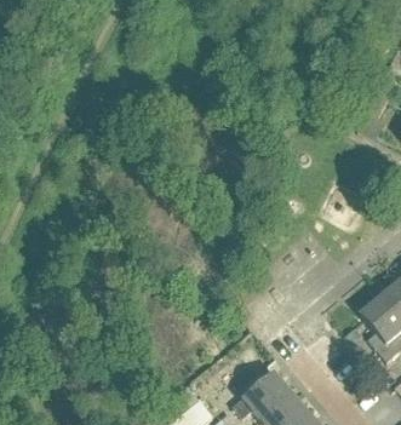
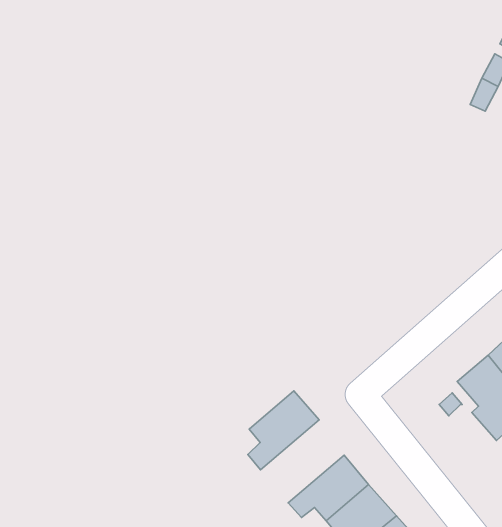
building: none -> [248,391,319,470]

